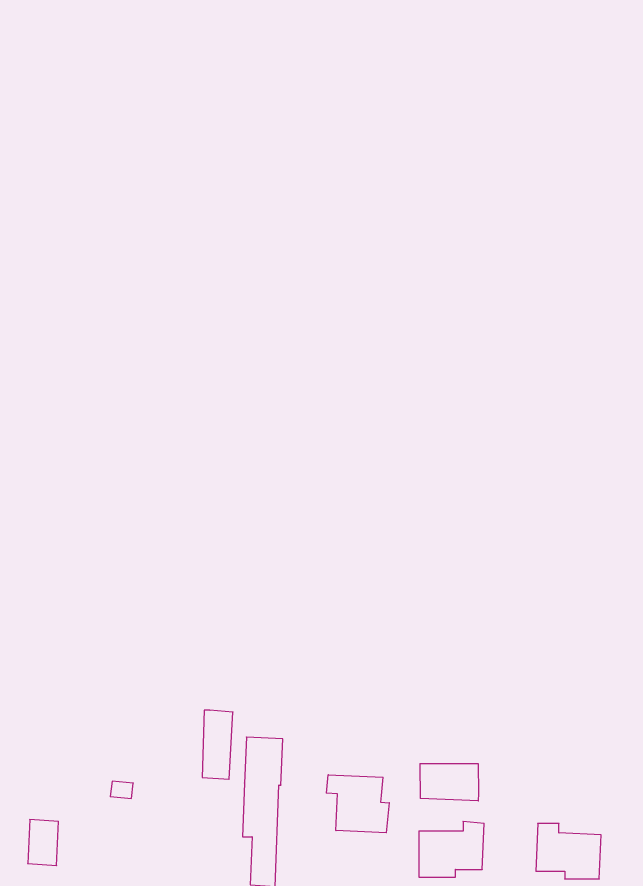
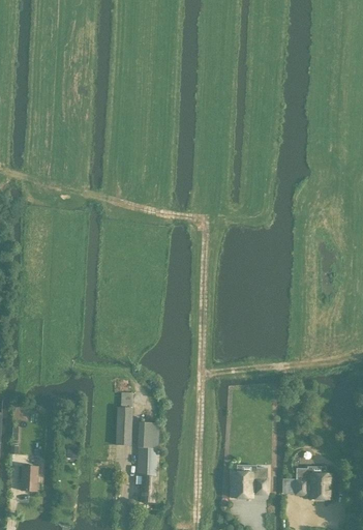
building: [420,764,479,801] -> none
building: [326,775,389,833] -> none

